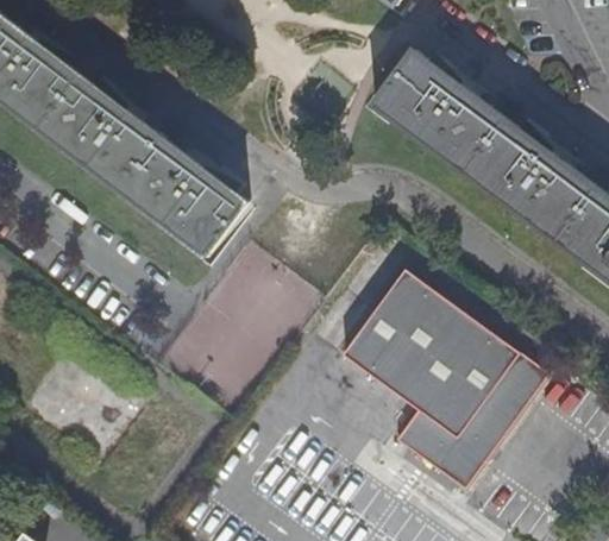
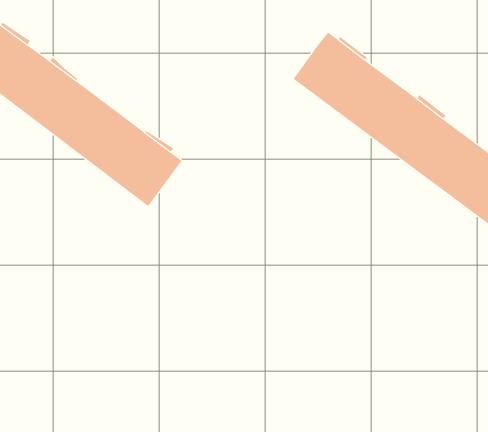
building: [341,270,548,489] -> none

